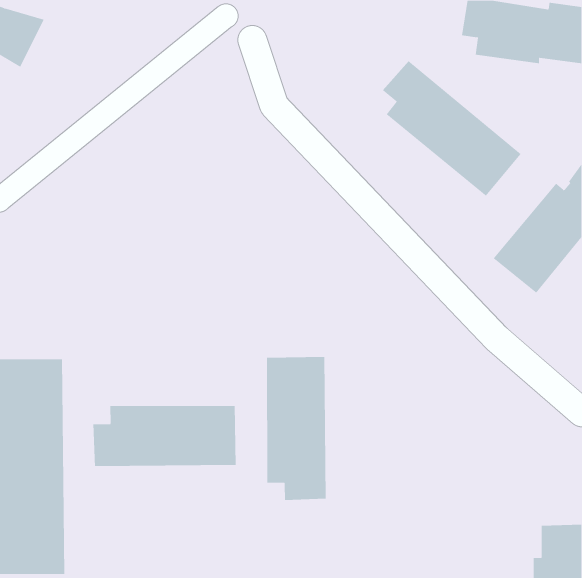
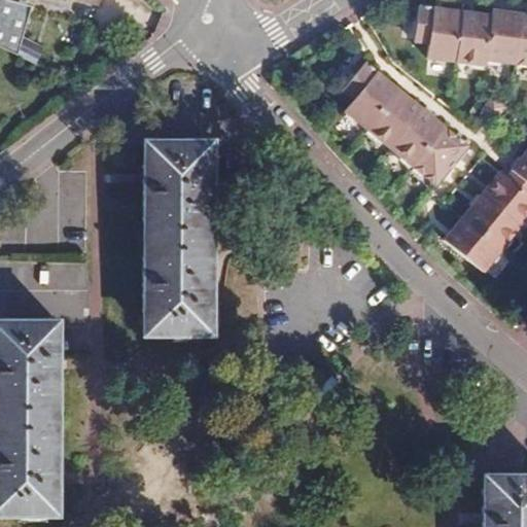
building: none -> [145,150,215,341]
building: [266,356,326,501] -> none
building: [93,405,236,467] -> none

